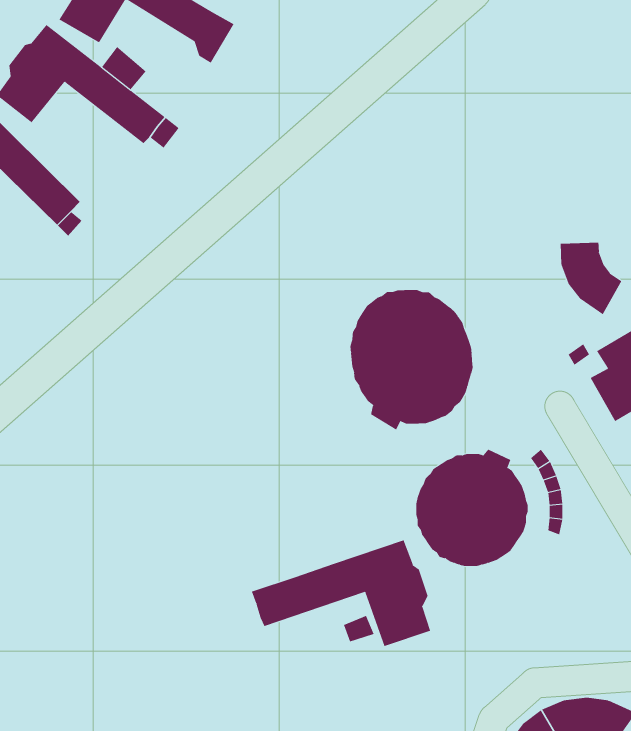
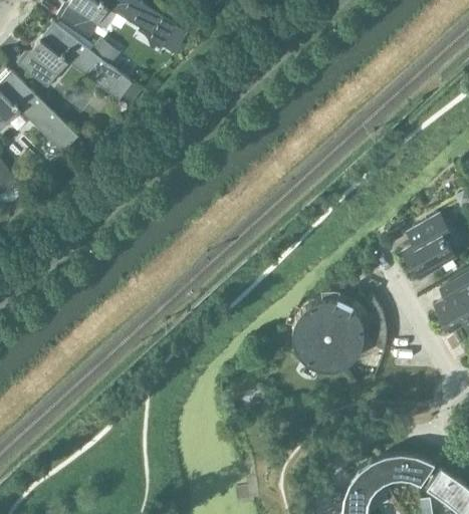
building: [560,242,622,315] -> none
building: [350,289,473,430] -> none
building: [251,540,431,647] -> none

